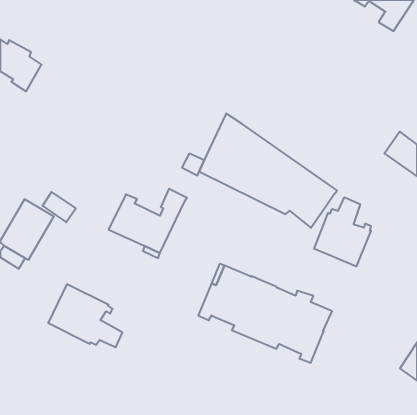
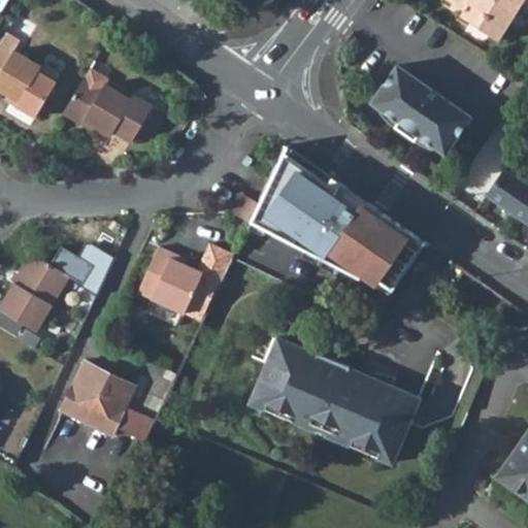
building: none -> [368,65,467,155]
building: none -> [63,82,160,144]
building: [314,197,371,266] -> none

